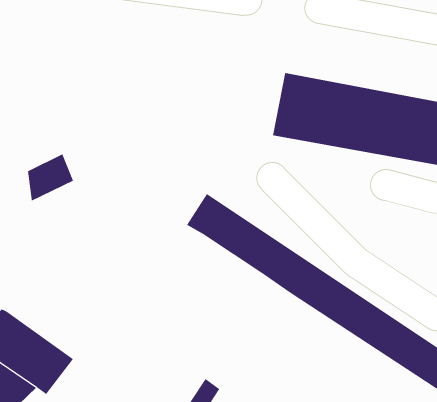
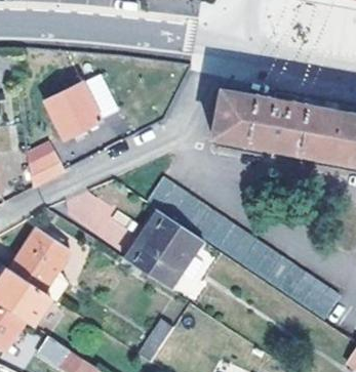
building: none -> [45,83,101,138]
building: none -> [124,211,204,290]
building: none -> [12,230,76,306]

